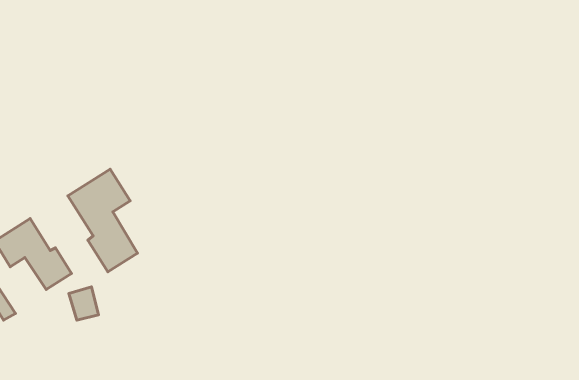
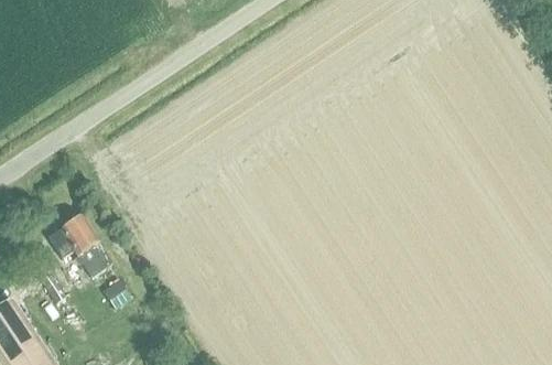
building: [68,169,138,272] -> none

